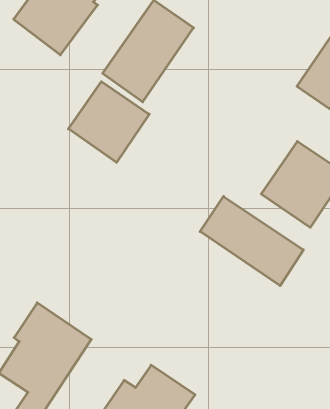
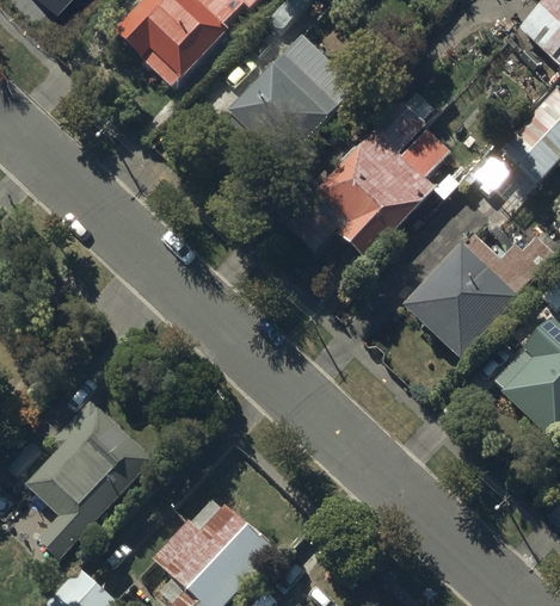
building: none -> [312,103,451,249]
building: [68,82,149,162] -> none
building: [200,196,303,286] -> none

